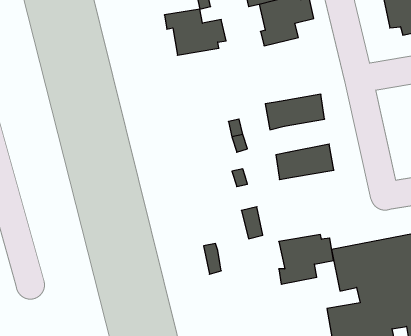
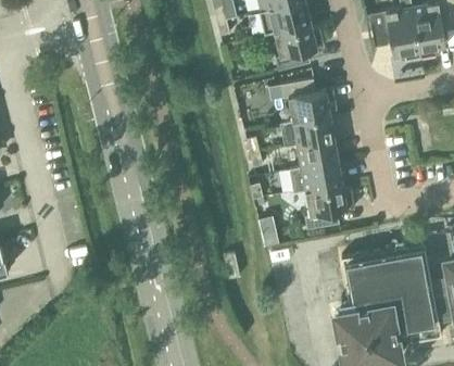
building: [164,9,226,55] -> [280,79,337,122]
building: none -> [297,138,338,168]
building: [279,235,333,284] -> [304,185,354,230]

